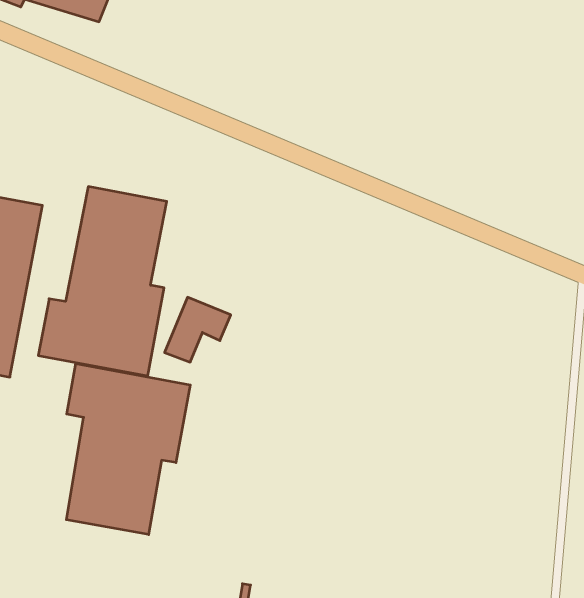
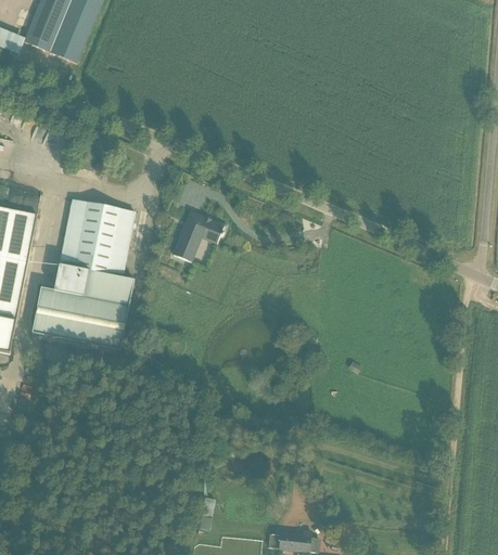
building: [165,297,231,362] -> [170,208,224,260]
building: [66,364,190,535] -> none

